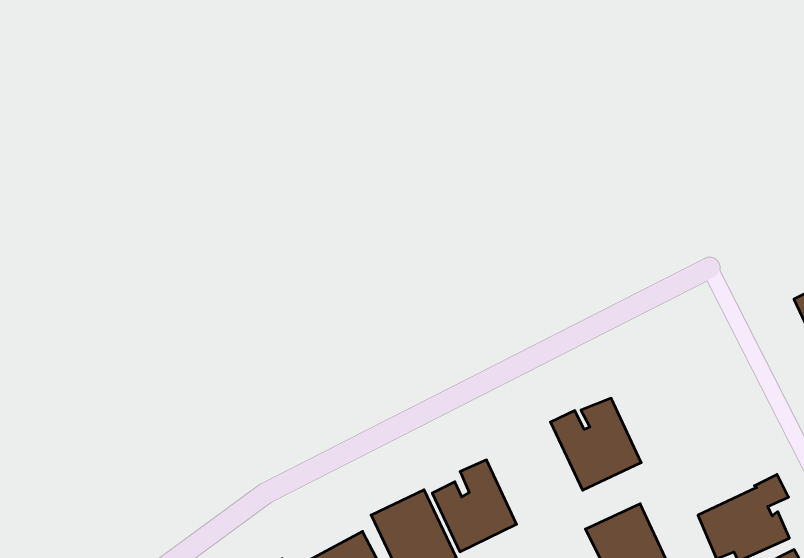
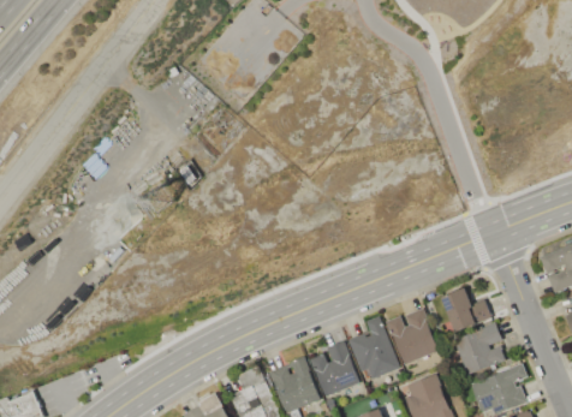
building: none -> [441,288,491,332]
building: none -> [347,316,399,379]
building: none -> [454,324,505,375]

